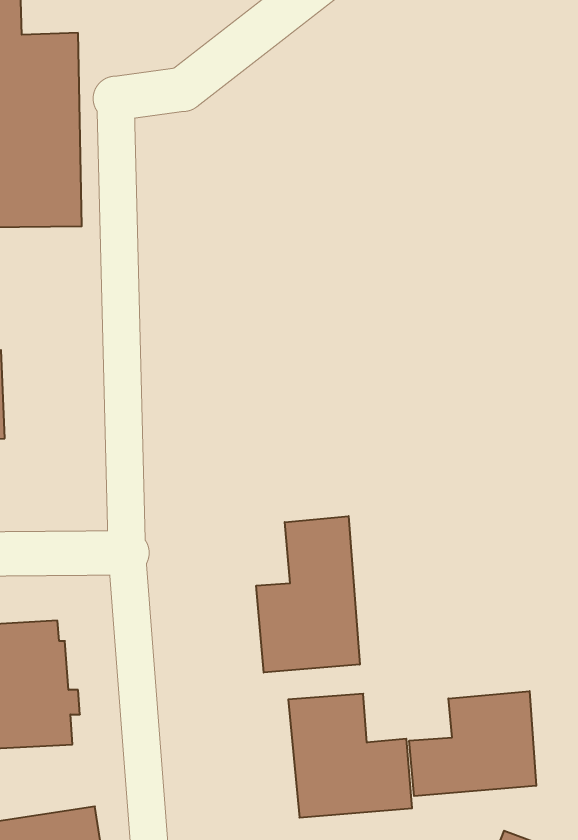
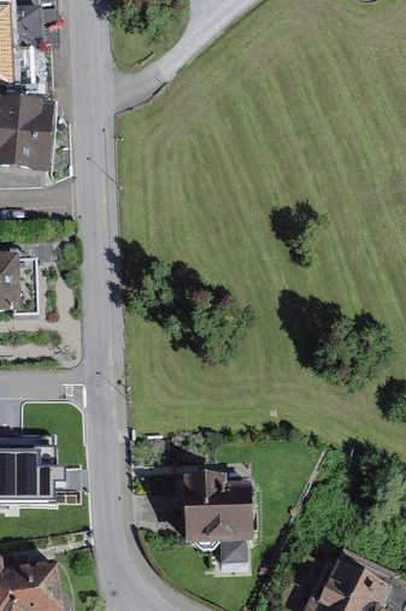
building: [256,516,360,673] -> none
building: [409,691,536,796] -> none

